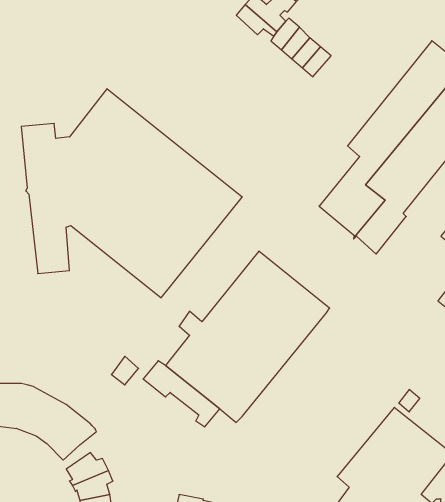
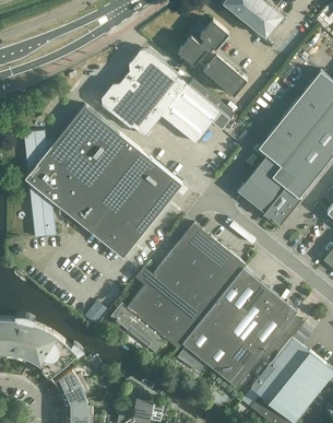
building: none -> [104,52,234,144]
building: none -> [177,269,297,387]

